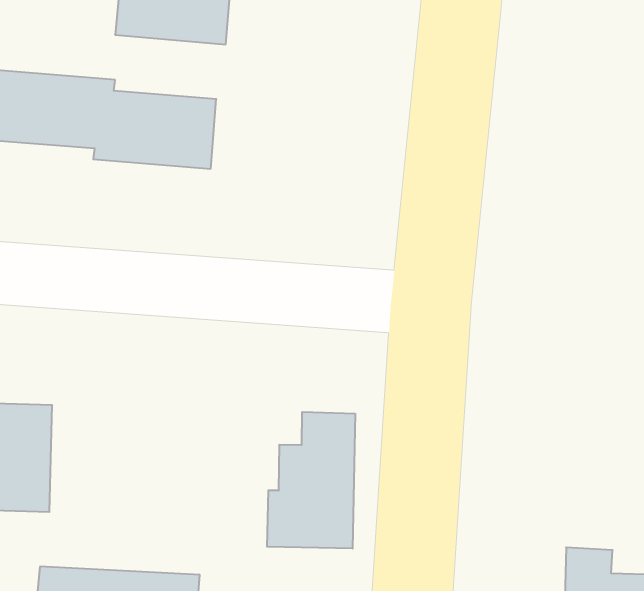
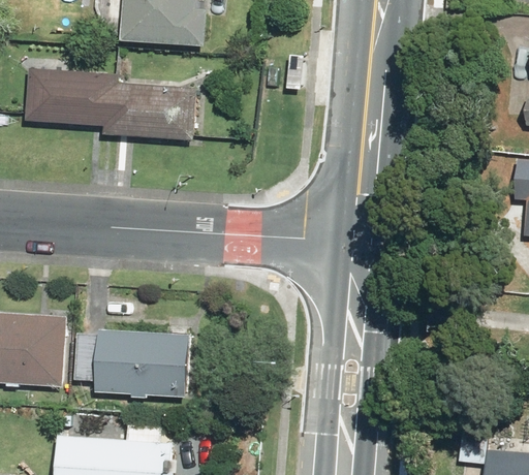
building: [267,412,355,549] -> none
building: none -> [96,336,189,401]

